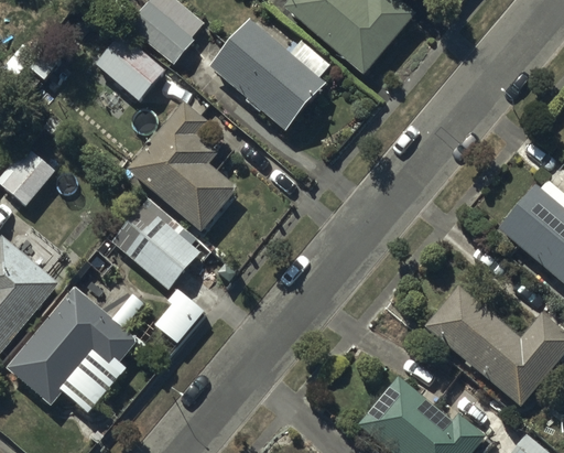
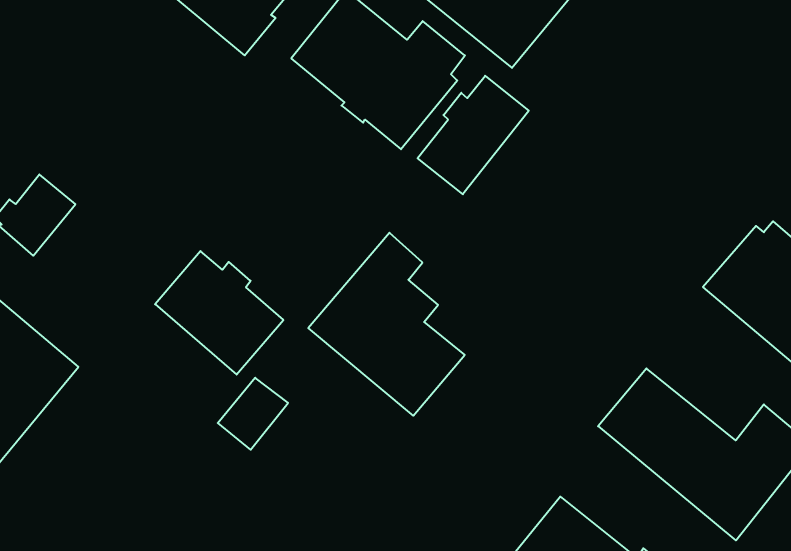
building: [96,33,166,101] -> none
building: none -> [418,76,529,194]
building: [128,101,238,230] -> [308,233,465,416]
building: [8,288,144,406] -> none

